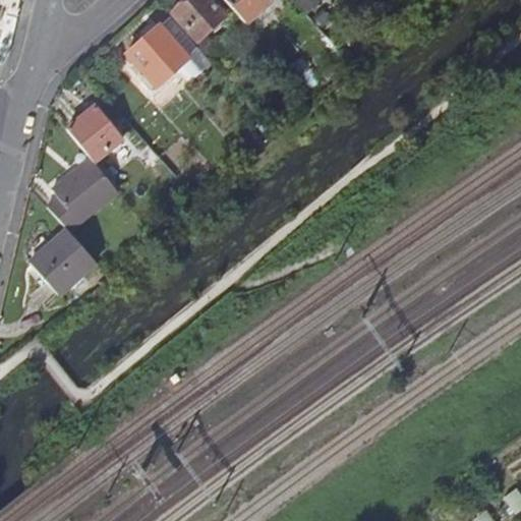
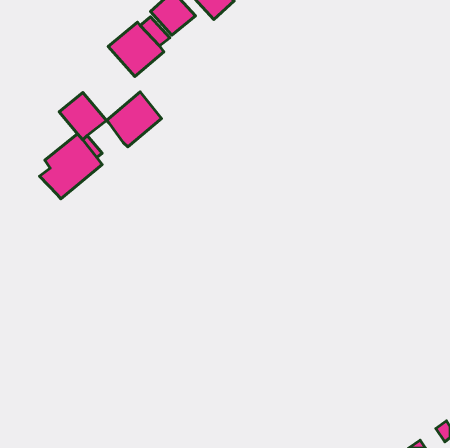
building: none -> [107,92,162,147]
building: [30,225,97,291] -> none

